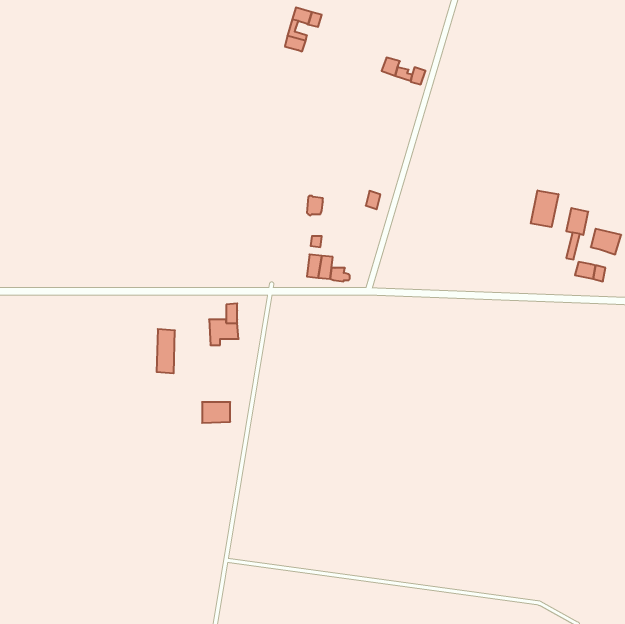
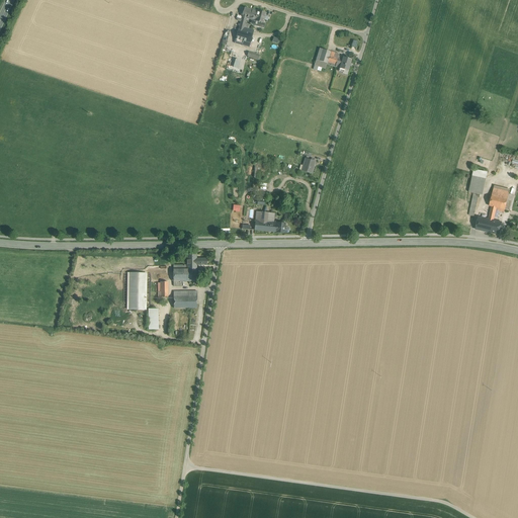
building: [531,190,558,227] -> none
building: [202,402,230,423] -> [174,290,197,308]

